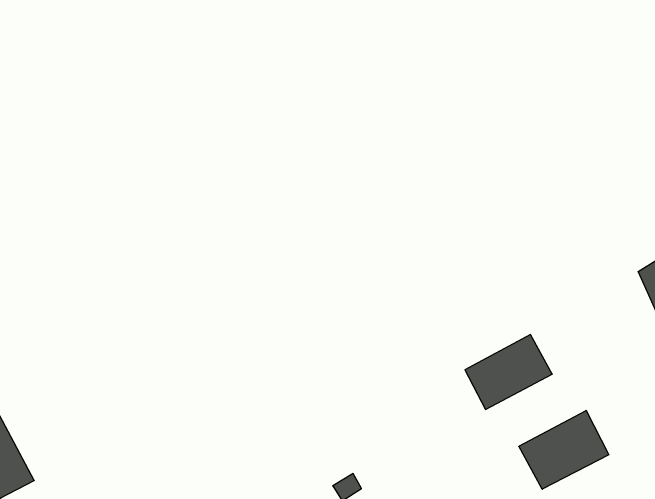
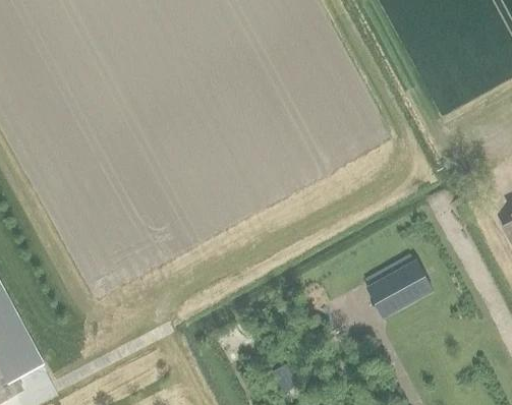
building: [519,410,609,489] -> none

